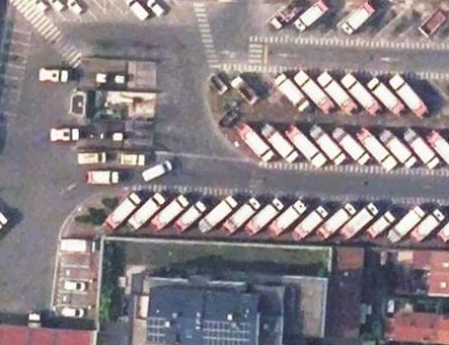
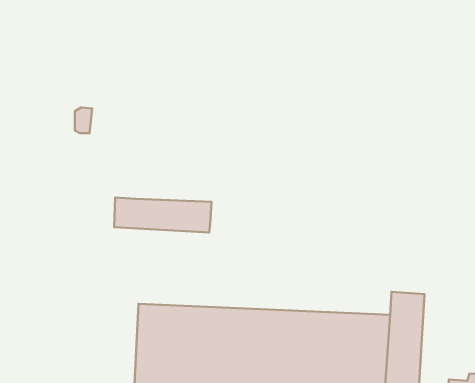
building: none -> [114,198,212,232]

